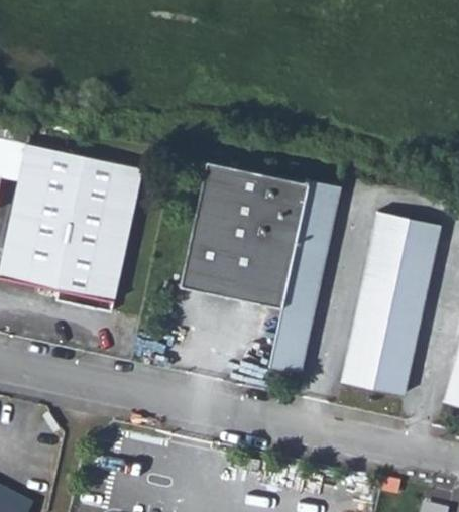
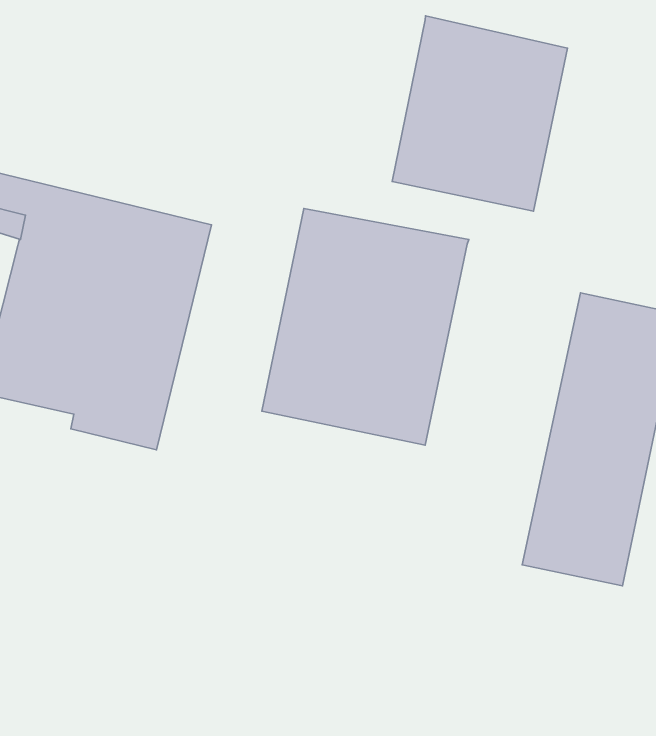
building: none -> [392,16,567,211]
building: [266,183,337,375] -> none

